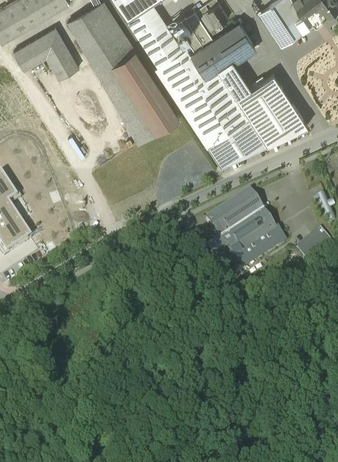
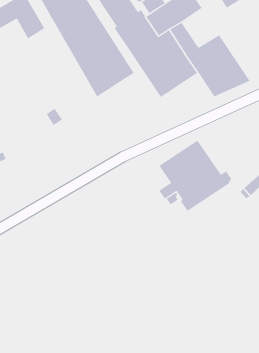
building: [207,118,267,166] -> none

